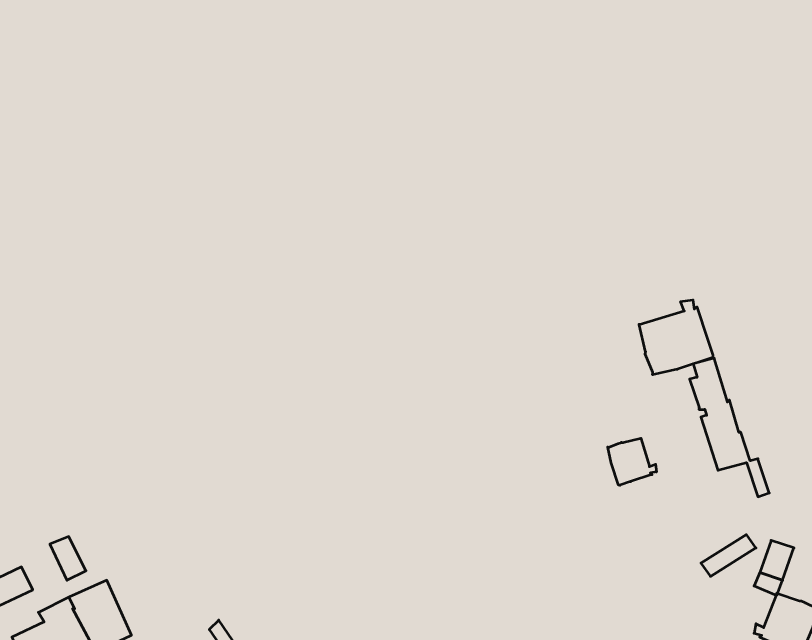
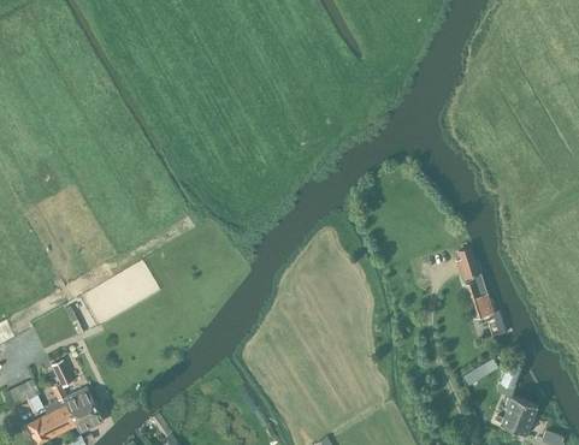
building: [639,300,713,375] -> none
building: [608,438,656,485] -> none

